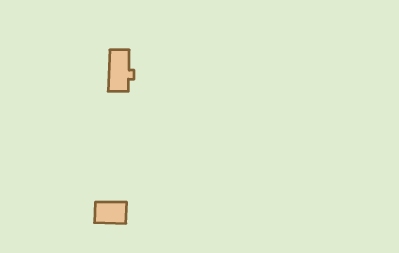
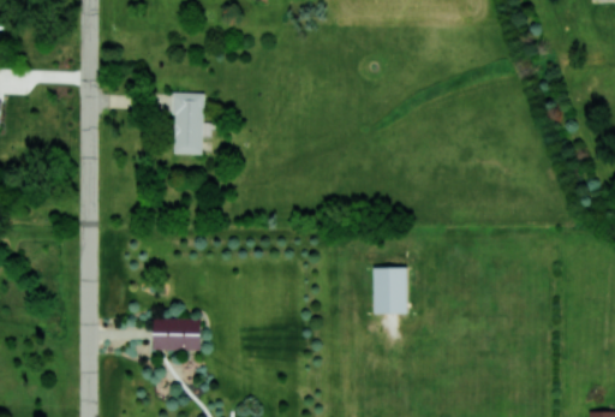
building: none -> [374,267,407,314]

